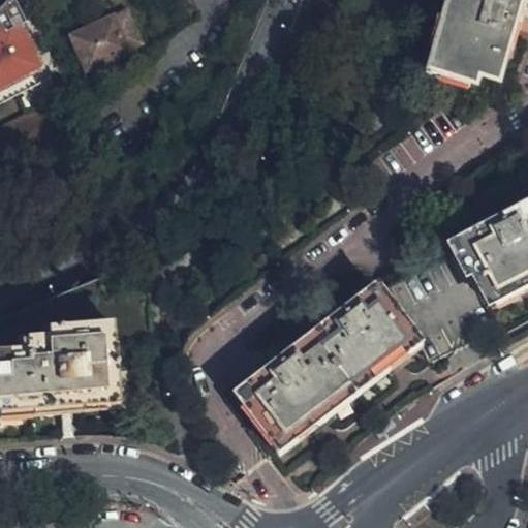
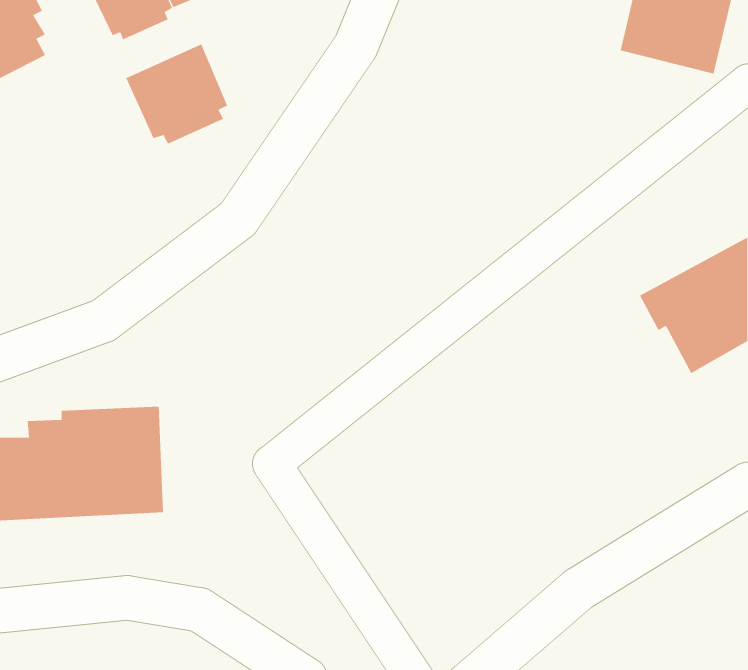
building: none -> [126,43,228,145]
building: [237,282,415,440] -> none

